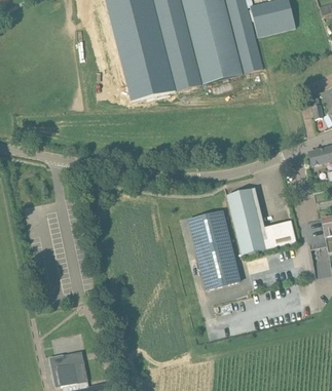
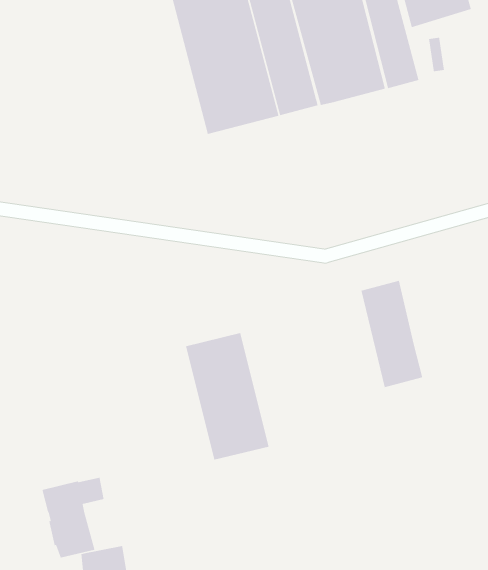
building: [188,211,239,289] -> [185,332,269,461]
building: [260,221,296,248] -> none
building: none -> [41,477,105,558]

